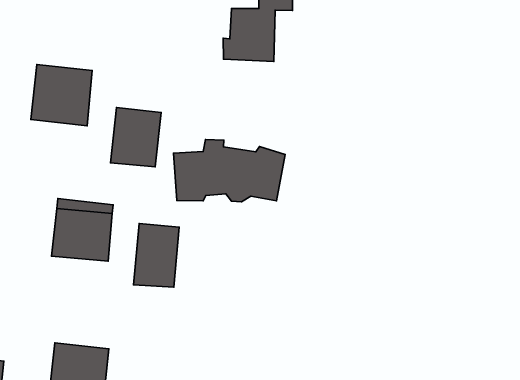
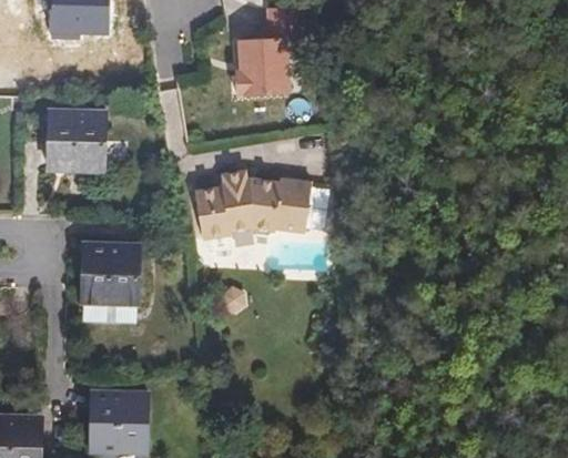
building: [110,108,161,167] -> none
building: [134,224,179,287] -> none

